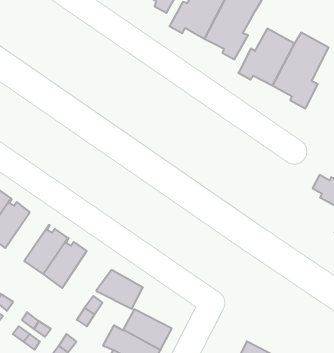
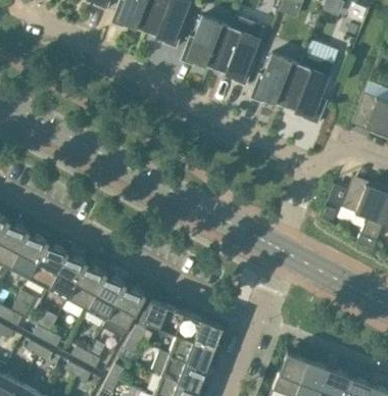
building: none -> [48,252,87,299]
building: none -> [102,283,146,338]
building: none -> [175,311,223,347]

